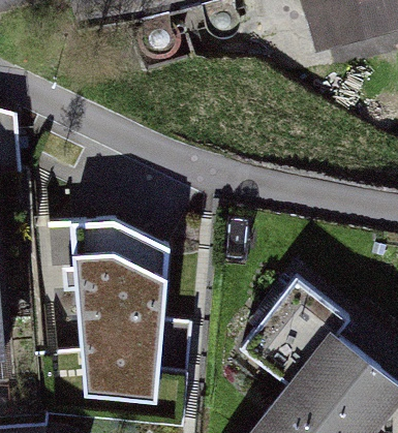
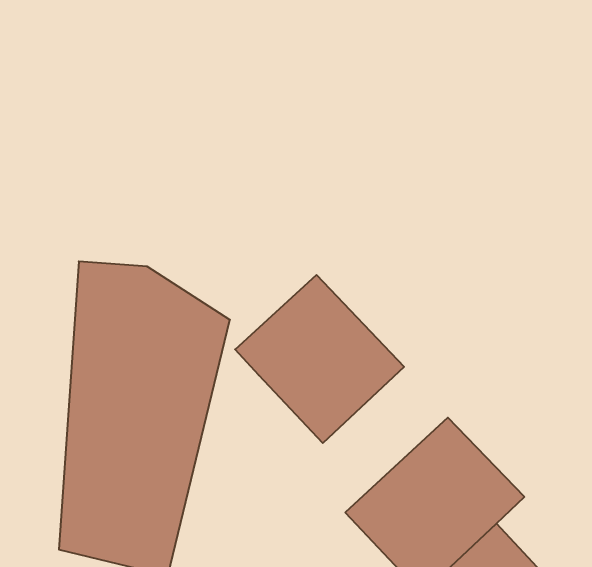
building: none -> [235,275,404,443]

